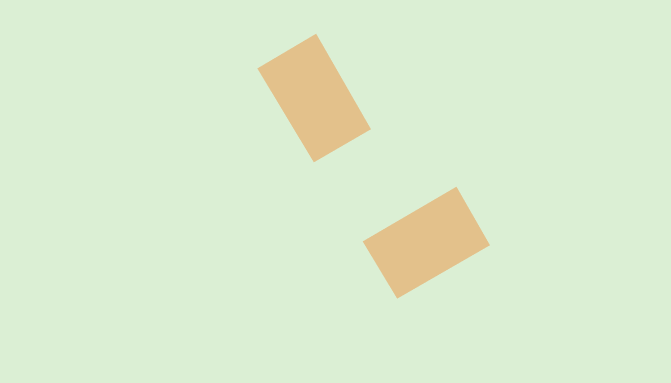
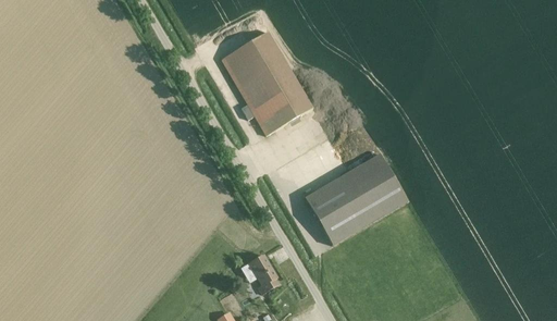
building: none -> [249,256,280,295]

